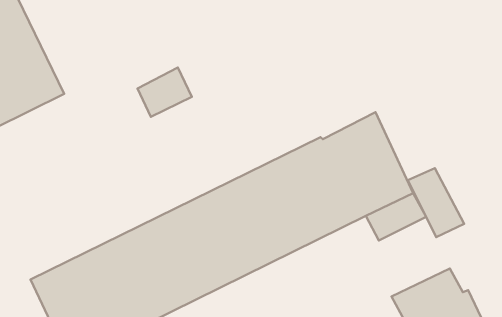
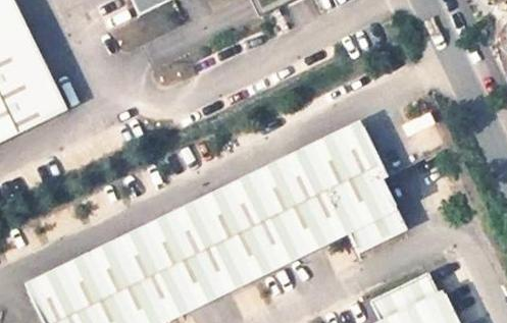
building: [138,67,192,117] -> none
building: [408,168,464,237] -> none

